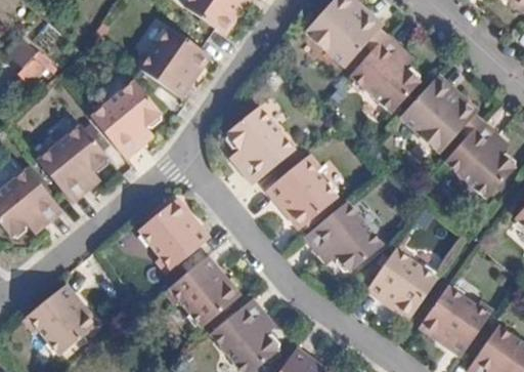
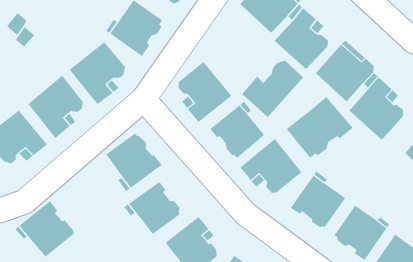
building: none -> [242,60,304,118]
building: none -> [286,96,353,158]

